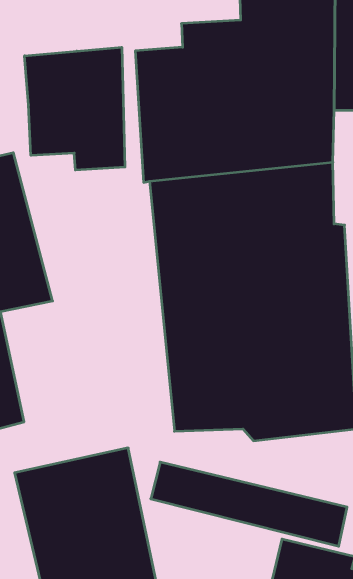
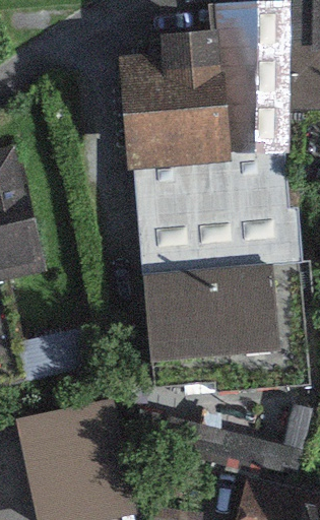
building: [25,47,125,170] -> none

